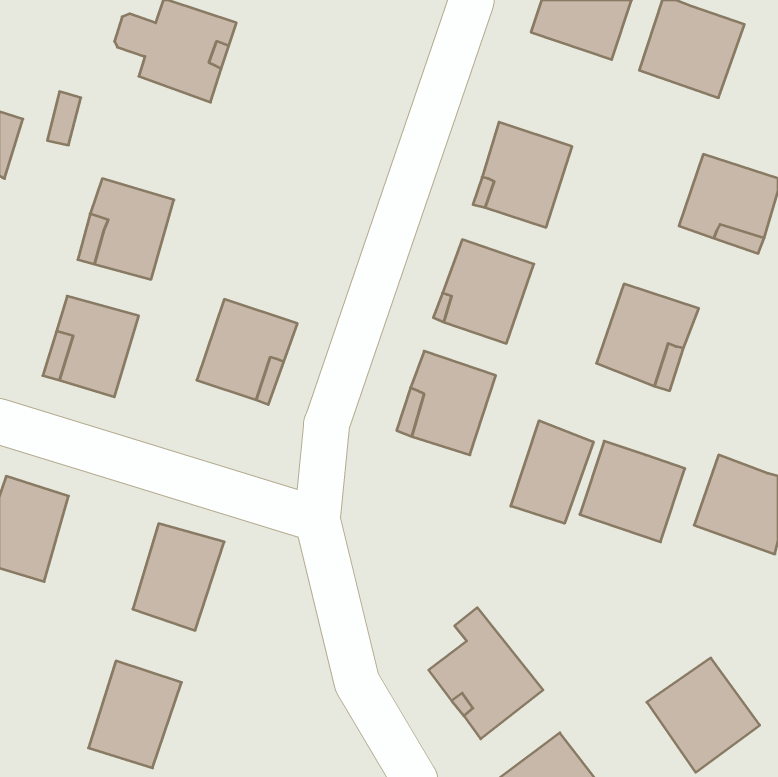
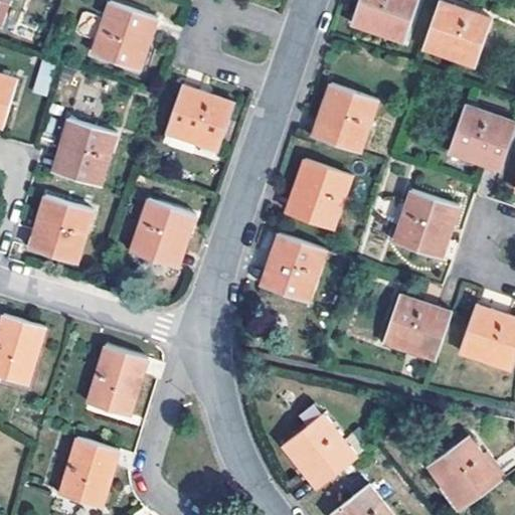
building: none -> [165,87,232,151]
building: [511,421,593,523] -> none

